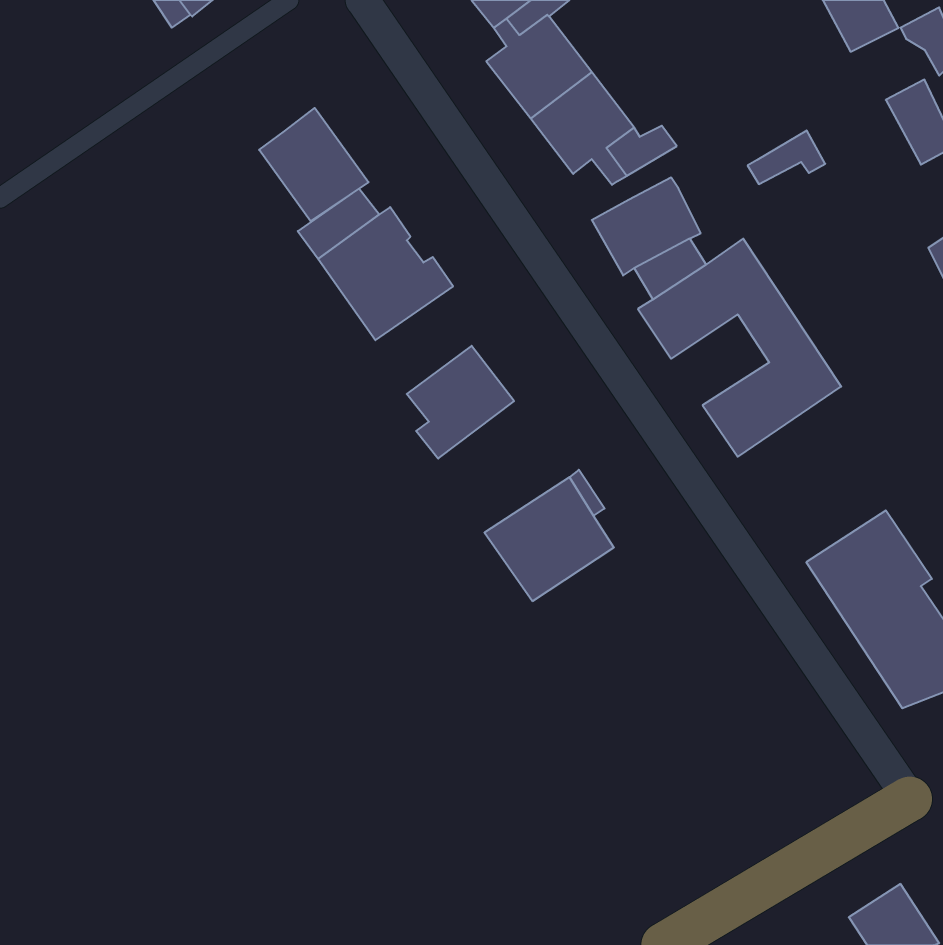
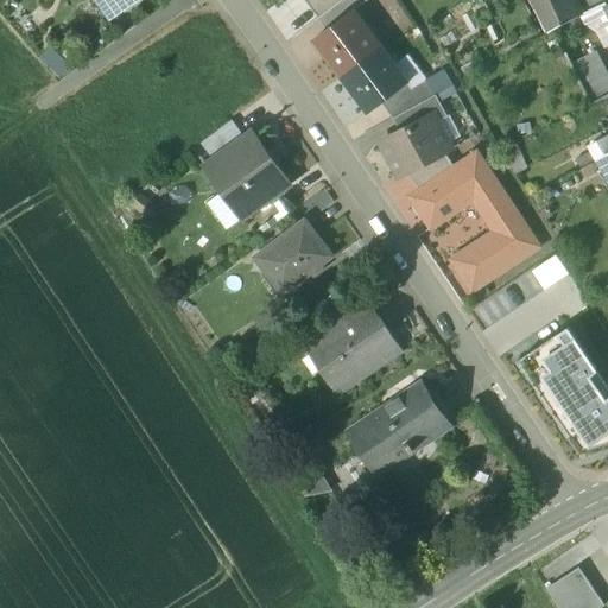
building: [259,108,369,221] -> none
building: [748,130,825,184] -> [398,94,448,128]
building: none -> [350,384,450,474]

